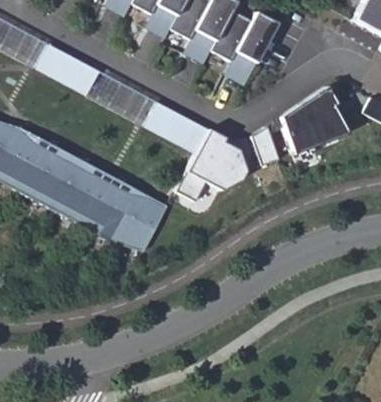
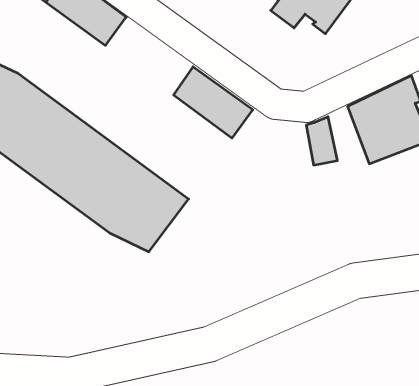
building: [88,72,158,127] -> none
building: [176,130,246,202] -> none

